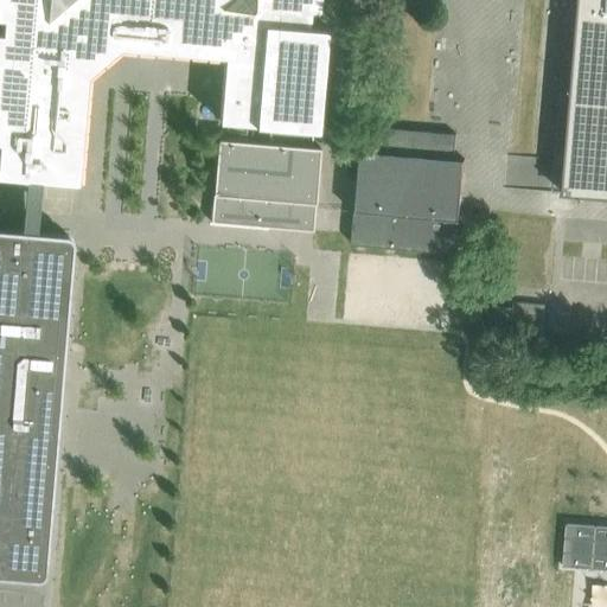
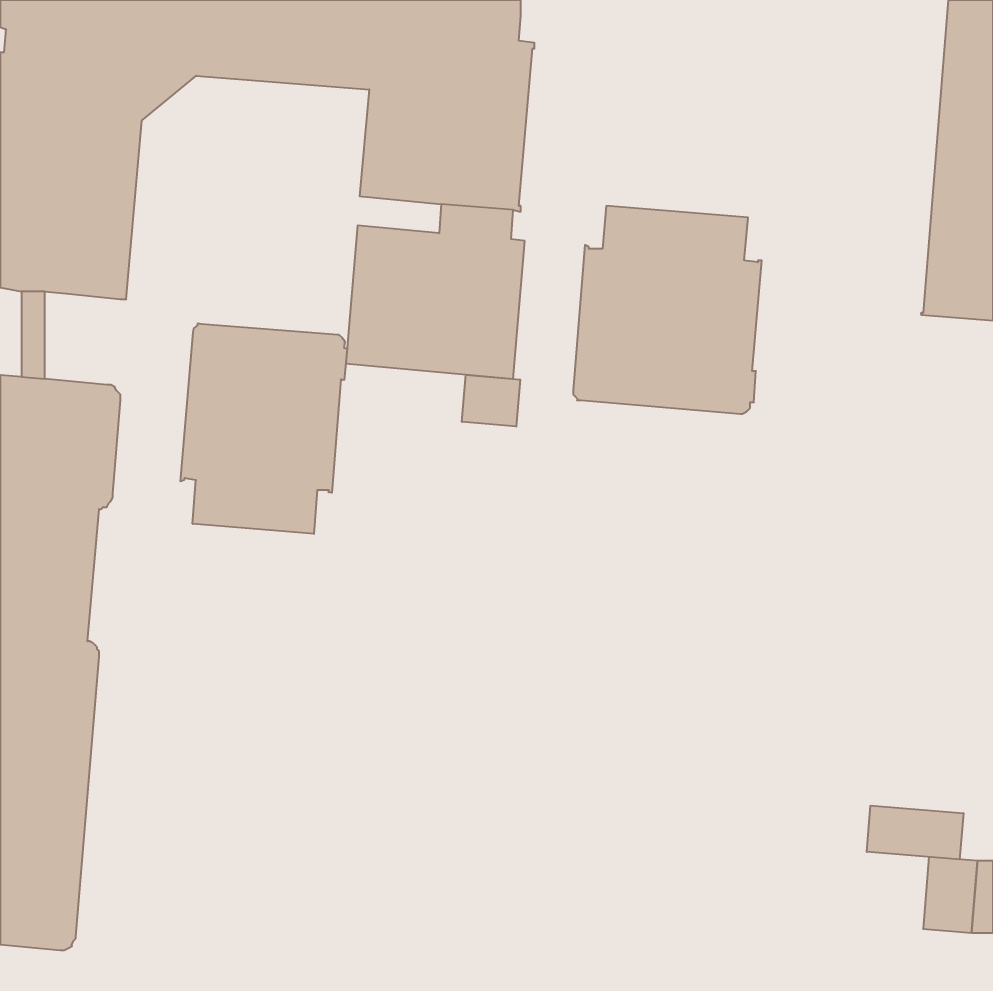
building: none -> [181,323,347,534]
building: none -> [462,375,520,427]
building: none -> [867,806,963,859]

